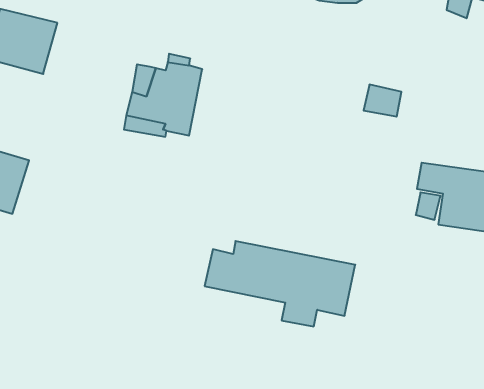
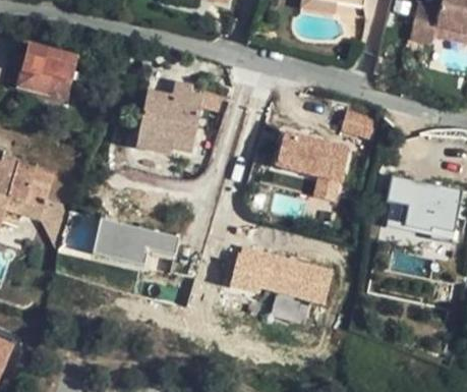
building: none -> [273,126,351,201]
building: none -> [92,215,179,264]

